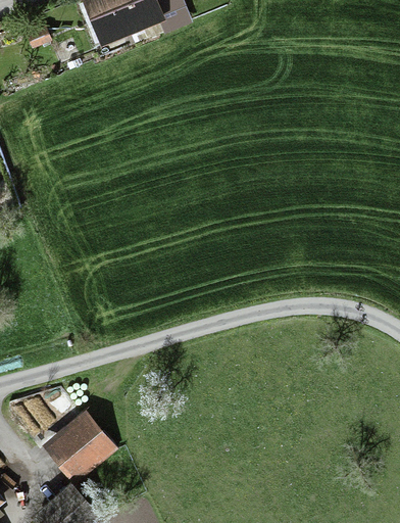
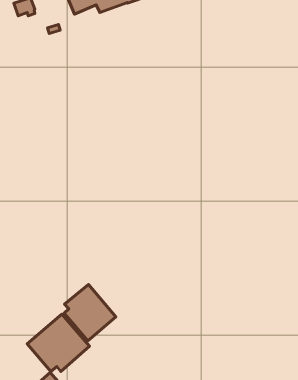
building: none -> [64,284,116,341]

